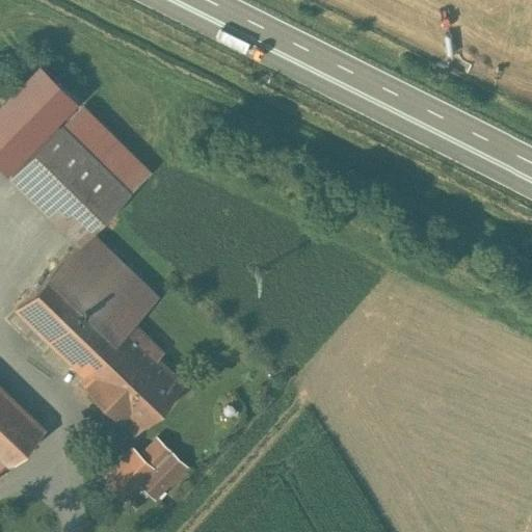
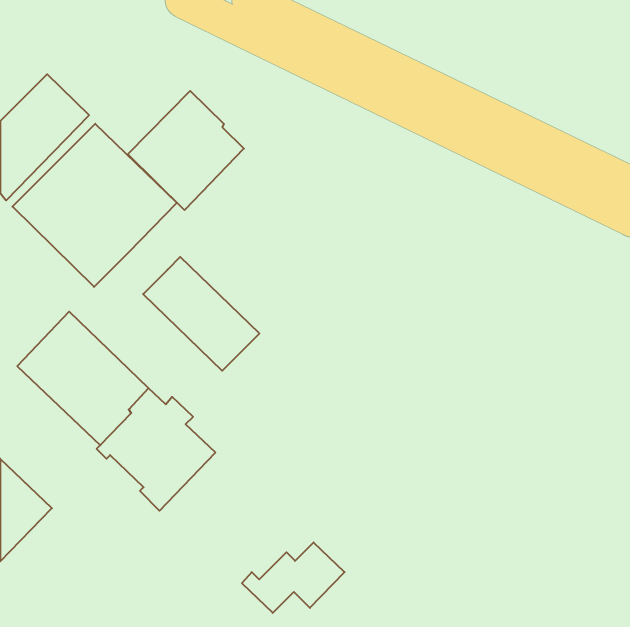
building: none -> [128,91,244,210]
building: [60,235,158,330] -> [143,257,259,371]
building: [99,443,185,502] -> [242,542,345,613]

